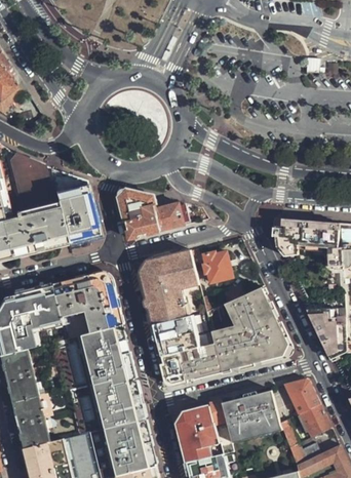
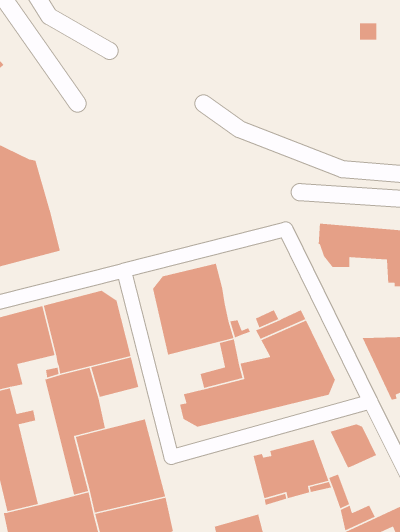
building: [47,168,98,241] -> none
building: [118,191,183,239] -> none
building: [201,251,231,282] -> none
building: [151,325,181,356] -> none
building: [98,350,134,383] -> none
building: [299,404,330,437] -> none
building: [177,406,225,456] -> none

